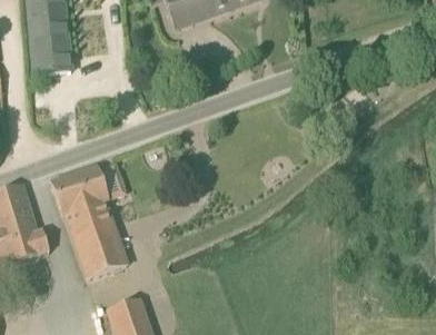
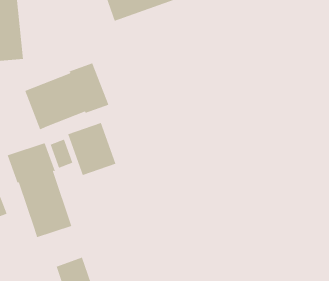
building: none -> [25,63,109,130]
building: none -> [67,122,116,176]

